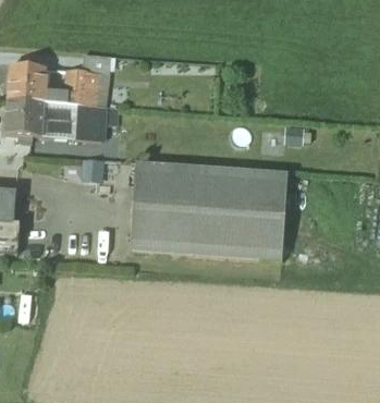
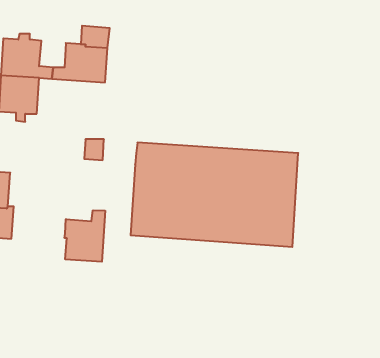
building: [40,100,105,138] -> none
building: none -> [65,210,105,262]

